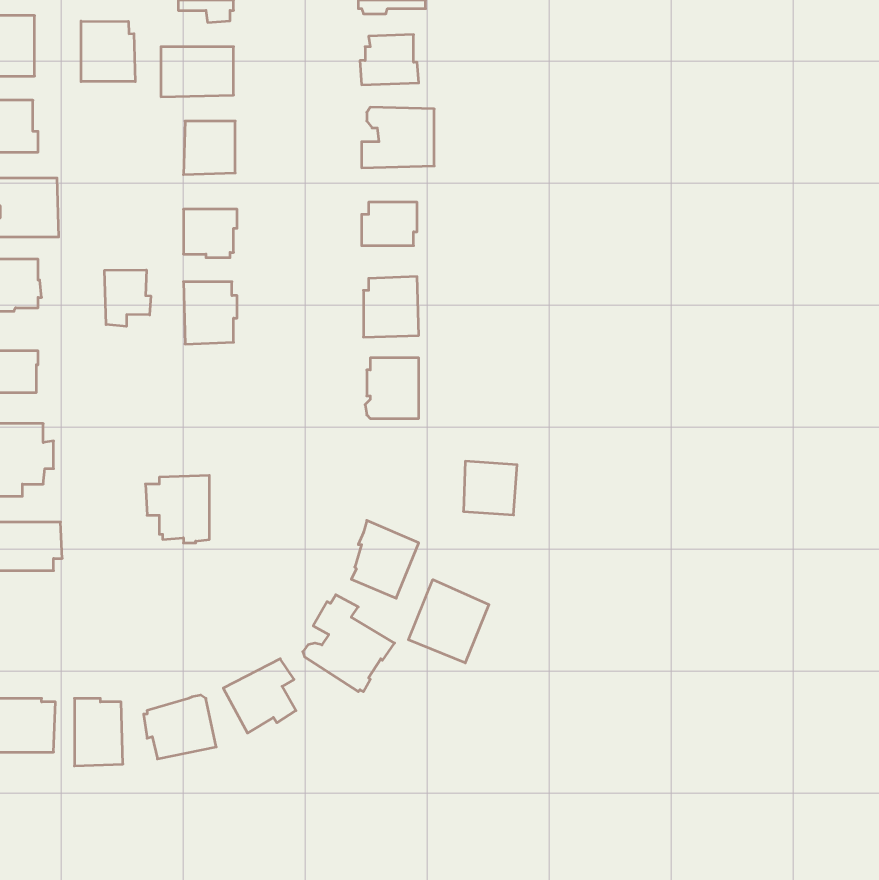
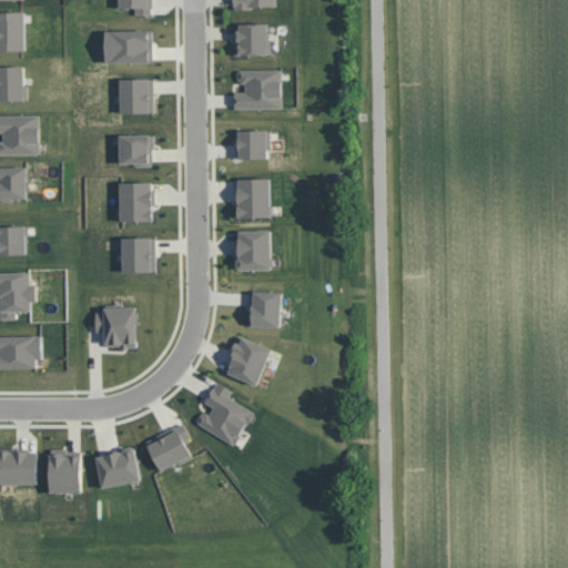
building: [81,21,135,82] -> none
building: [105,270,151,326] -> none
building: none -> [120,239,153,273]
building: [463,461,517,515] -> [245,293,280,327]
building: [408,580,489,663] -> none

